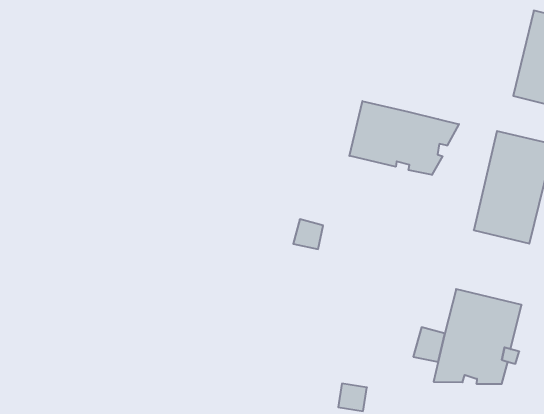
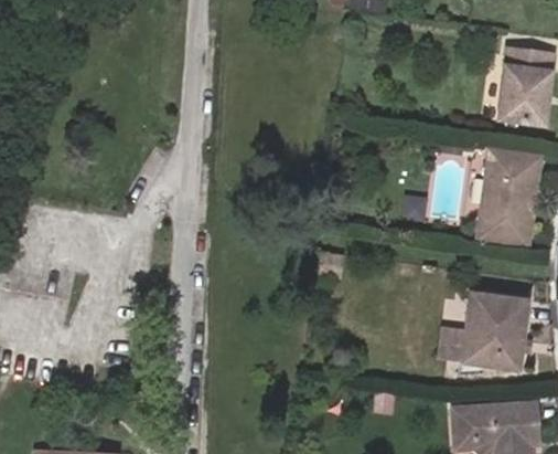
building: [349,101,459,175] -> none

